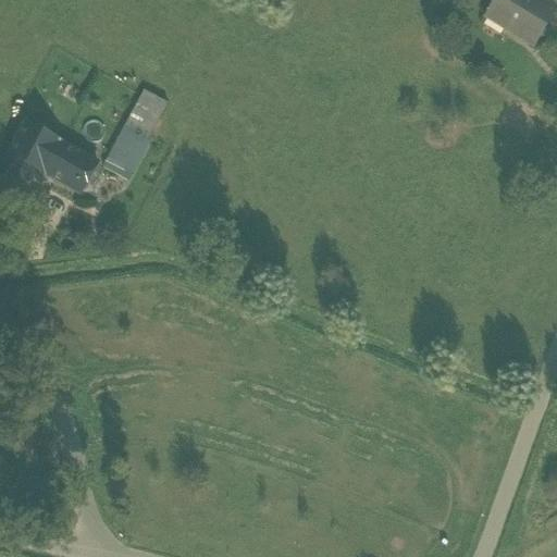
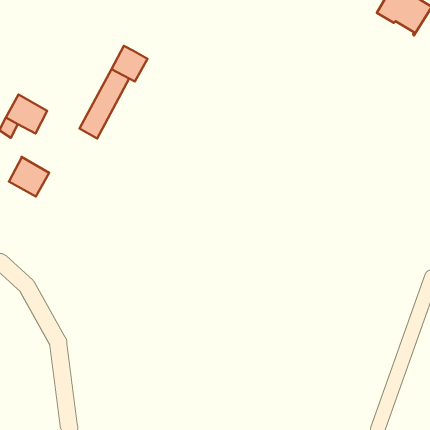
building: none -> [111,46,148,81]
building: [47,141,99,193] -> [9,157,49,197]

